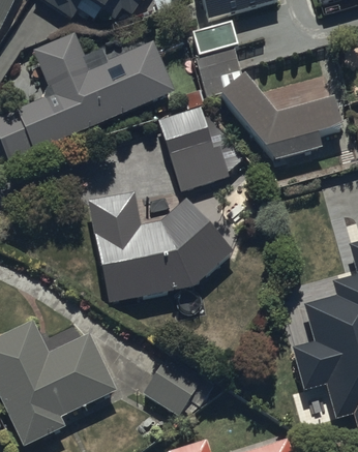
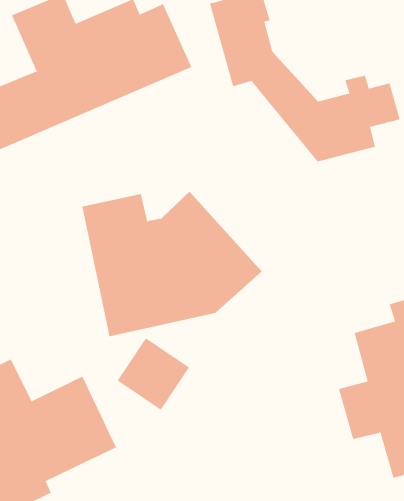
building: [157,106,257,189] -> none
building: [144,358,202,416] -> [117,338,190,411]

